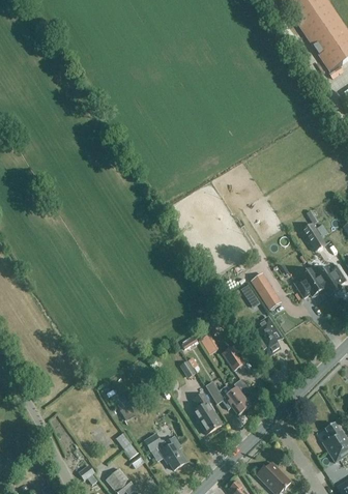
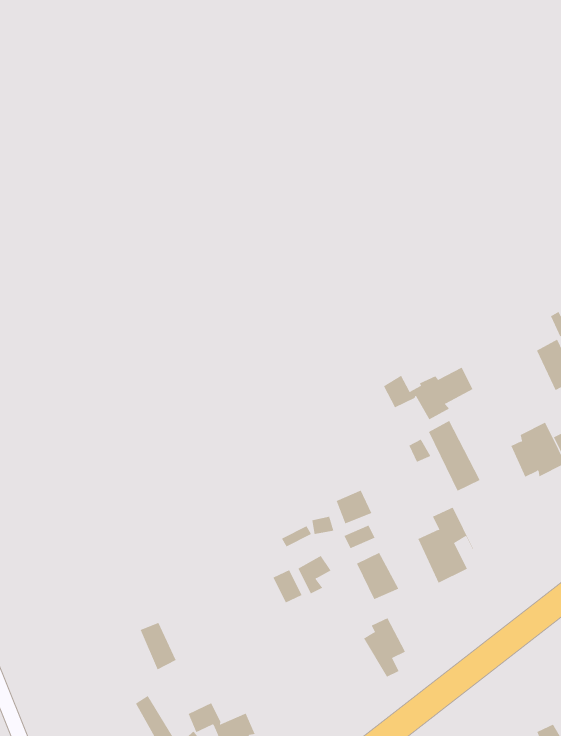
building: none -> [383,367,473,420]
building: [204,380,244,414] -> none
building: [193,393,221,433] -> none

